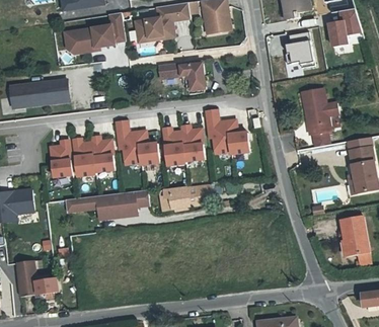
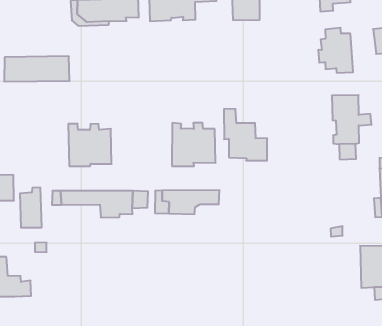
building: [158,61,205,95] -> none
building: [117,121,160,165] -> none
building: [51,141,73,177] -> [20,188,42,227]

